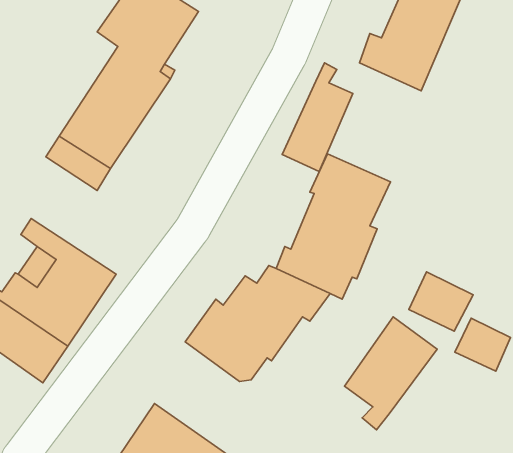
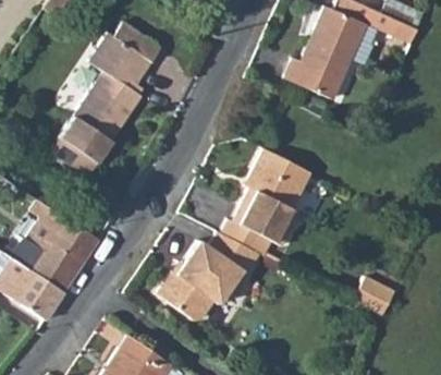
building: [282,63,353,171] -> none
building: [409,272,473,331] -> none
building: [345,317,437,430] -> none

